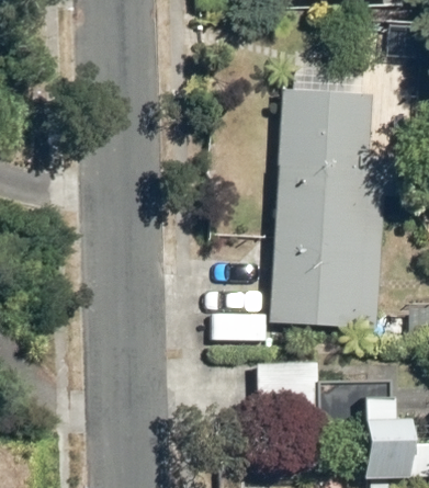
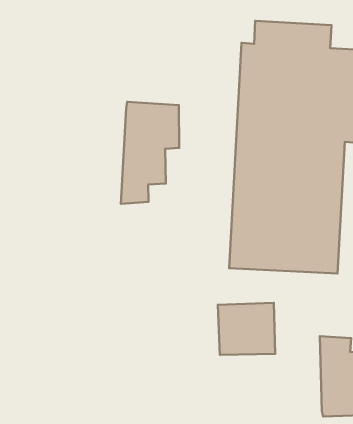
building: none -> [121,102,179,204]

